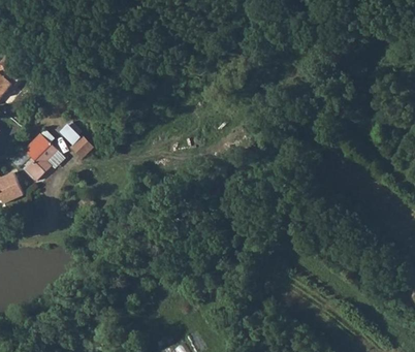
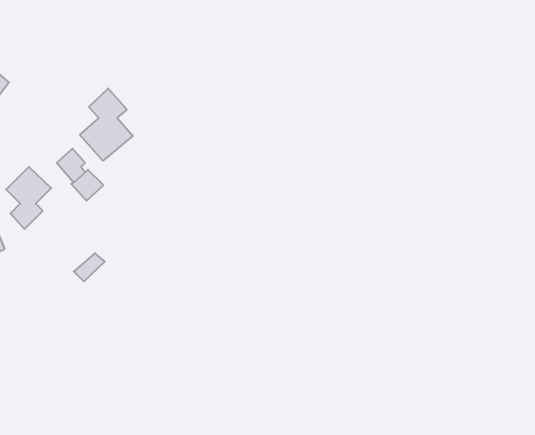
building: none -> [80,88,133,161]

